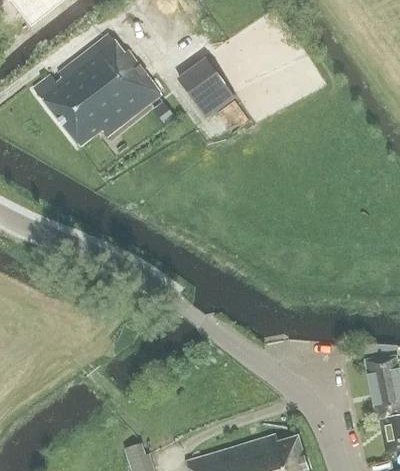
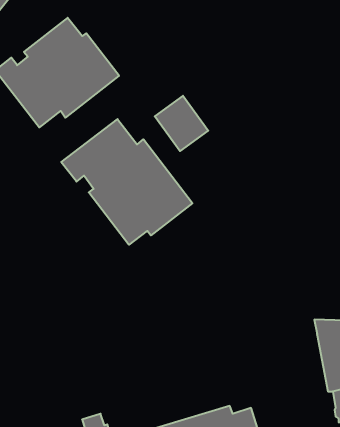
building: [180,60,235,117] -> [155,96,208,151]
building: none -> [61,119,192,245]

